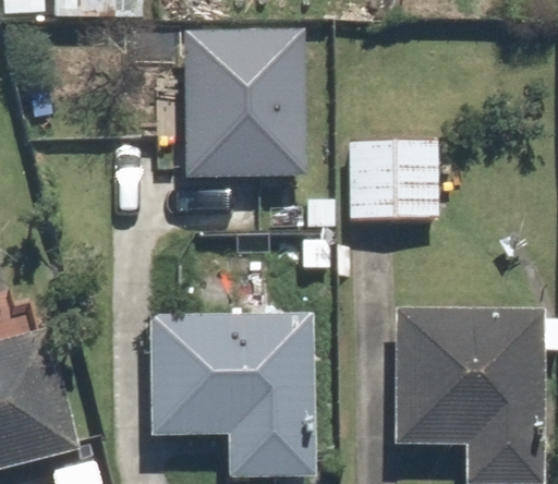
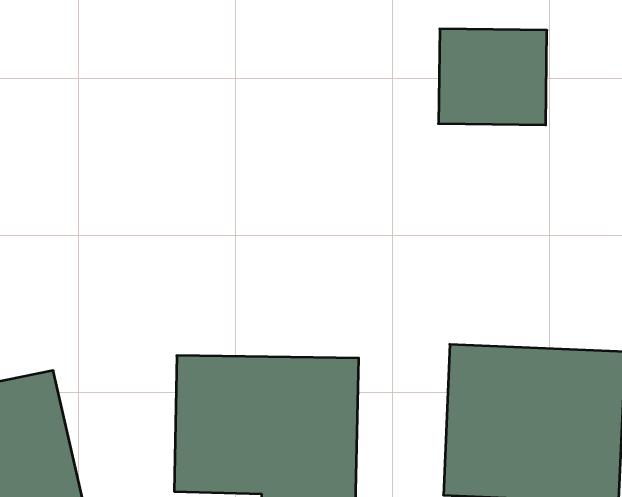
building: [183,28,308,176] -> none
building: [343,136,438,220] -> [438,29,547,125]

